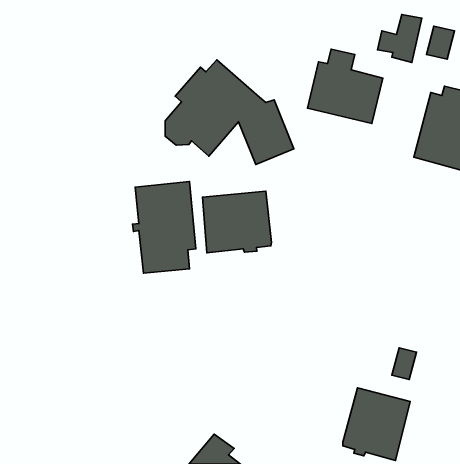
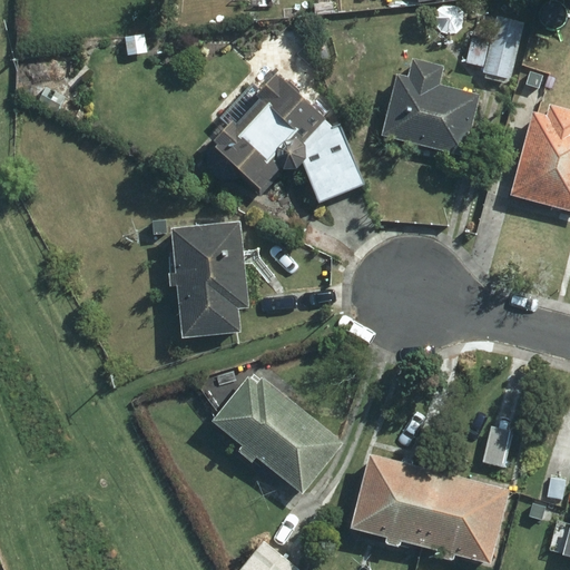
building: [202,191,272,253] -> none
building: none -> [212,377,338,491]
building: none -> [352,456,443,547]

